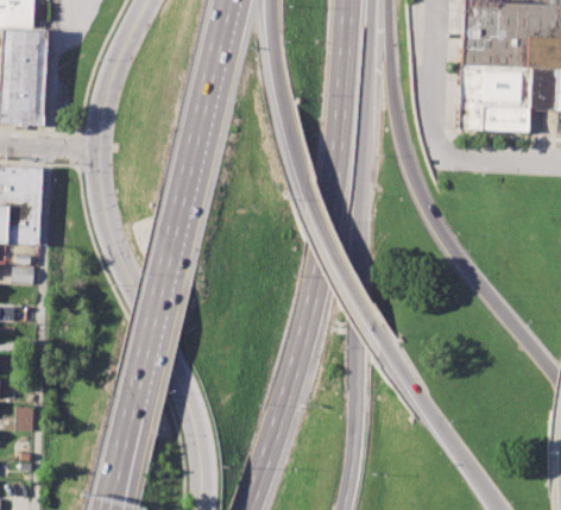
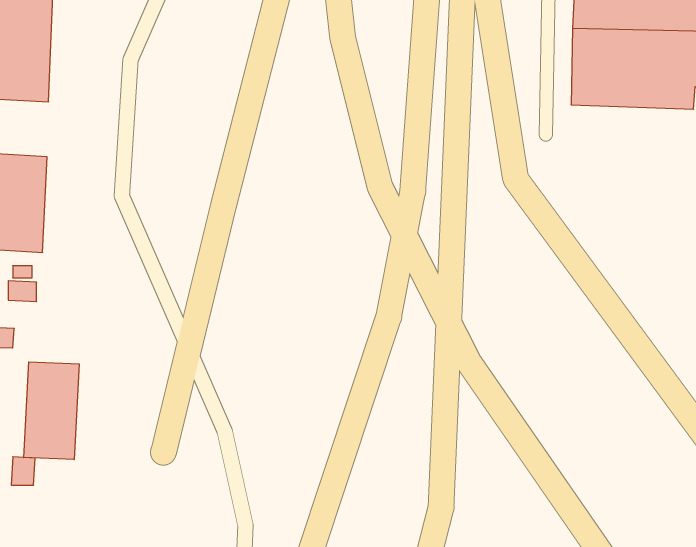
building: none -> [24,362,79,460]

